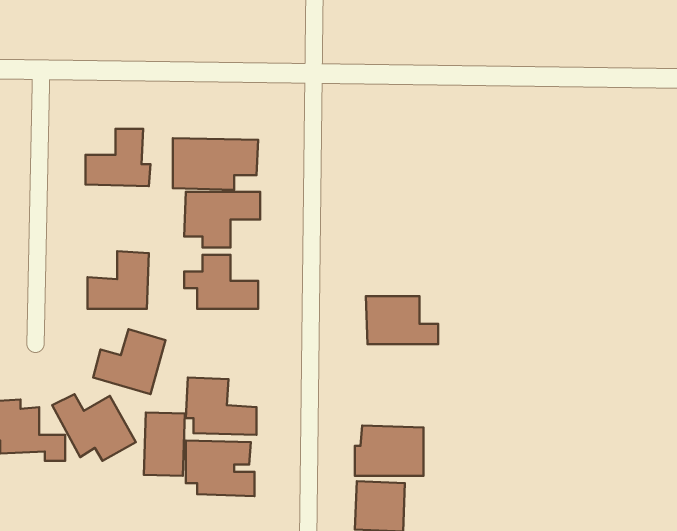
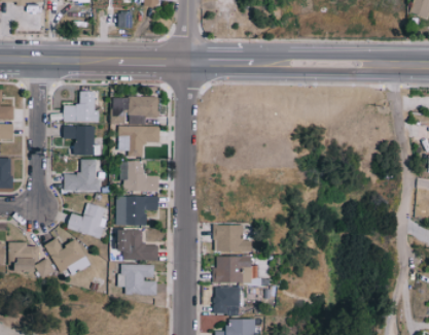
building: none -> [64,126,95,157]
building: [366,296,438,344] -> [213,225,253,252]
building: none -> [127,196,158,225]
building: [144,412,185,476] -> none

